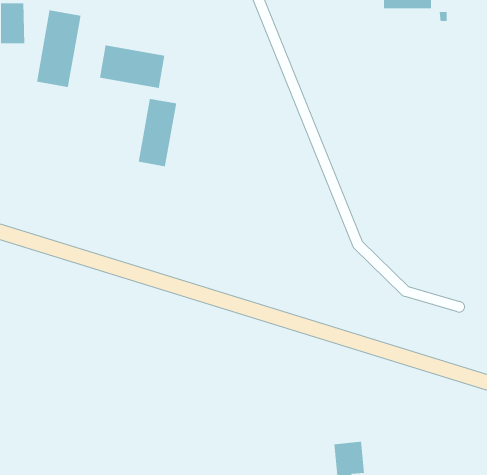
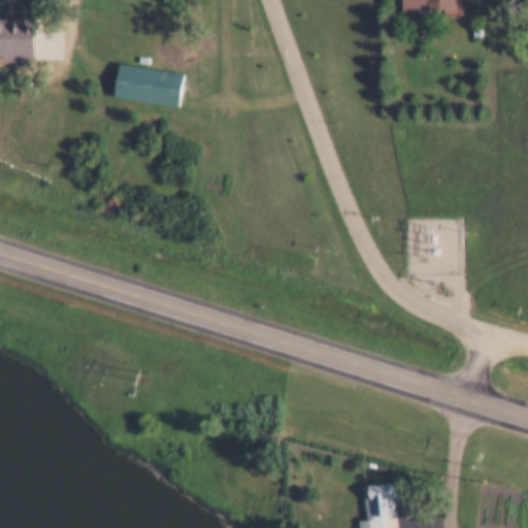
building: [36,9,81,88] -> none
building: [138,98,177,167] -> none

